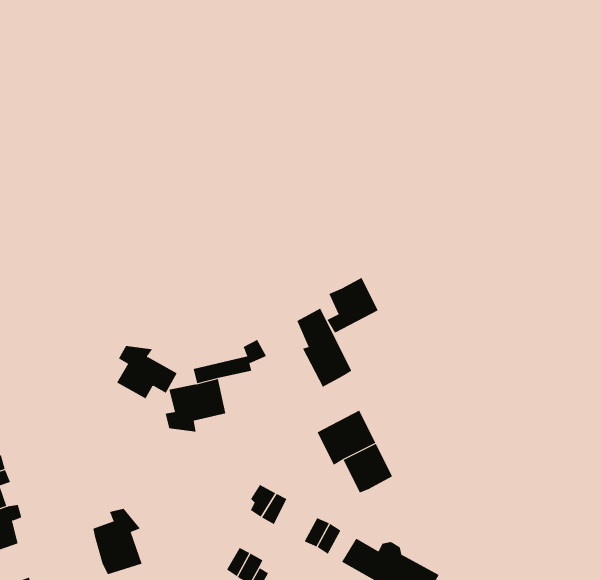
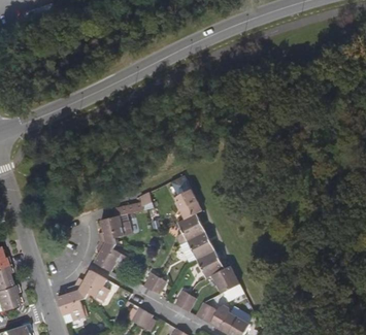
building: [327,277,379,333] -> [177,211,206,242]
building: [116,345,177,399] -> [95,240,129,270]
building: none -> [211,264,240,292]
building: none -> [75,269,110,300]

